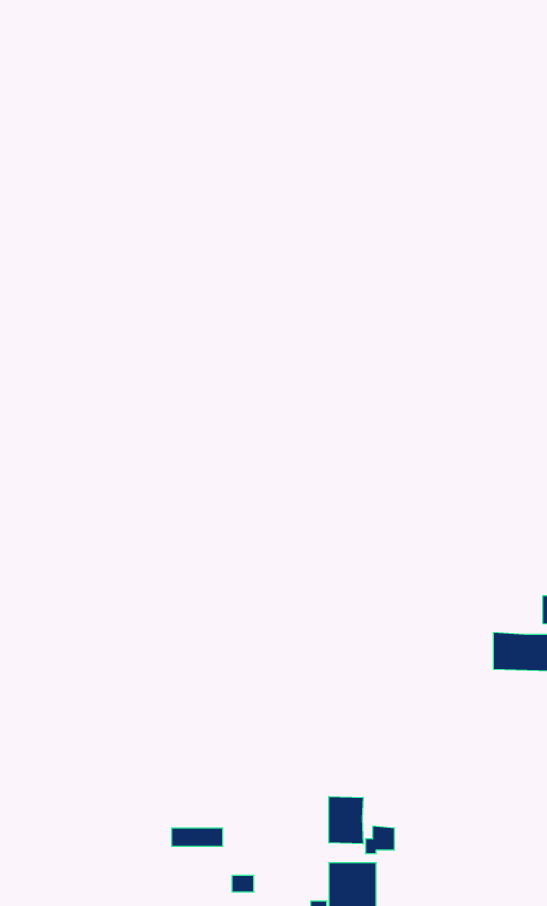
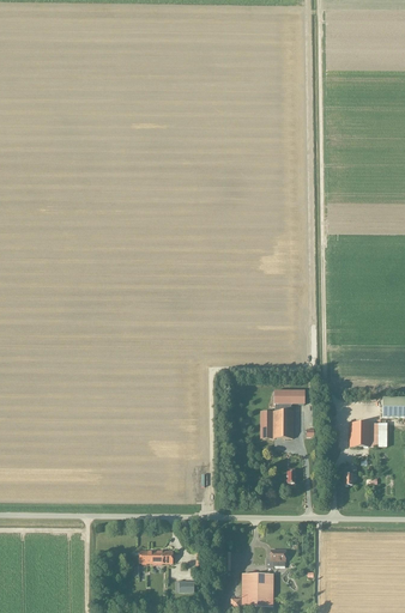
building: none -> [260,390,303,437]
building: [329,796,363,844] -> none

